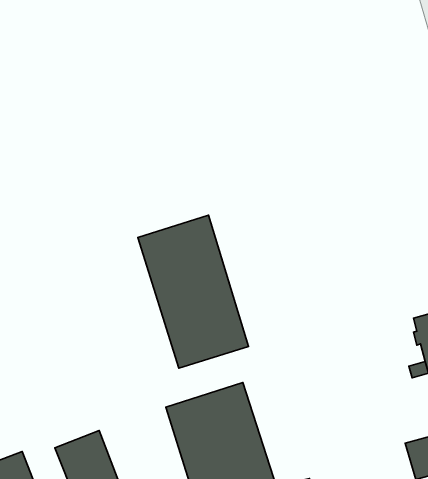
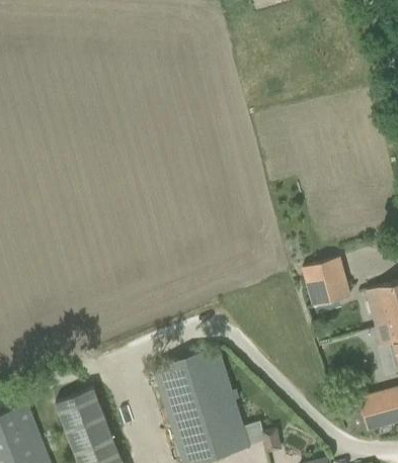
building: [138,215,249,368] -> none
building: none -> [302,258,349,307]

